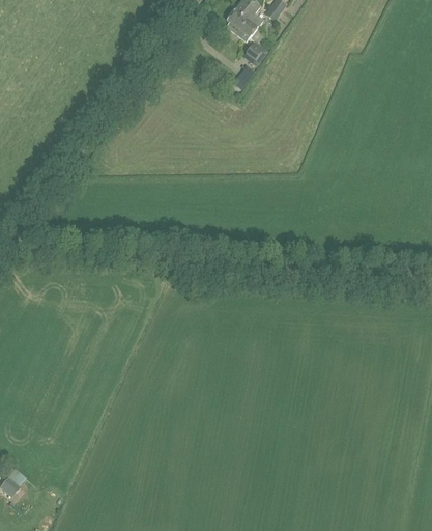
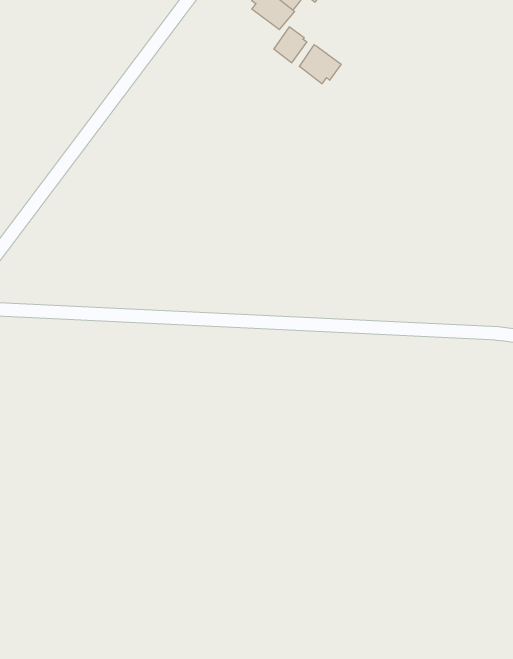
building: none -> [299,45,341,84]

